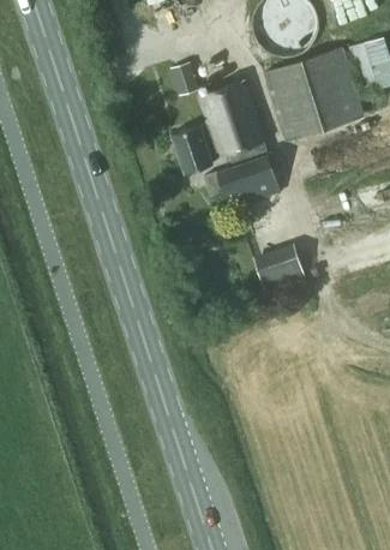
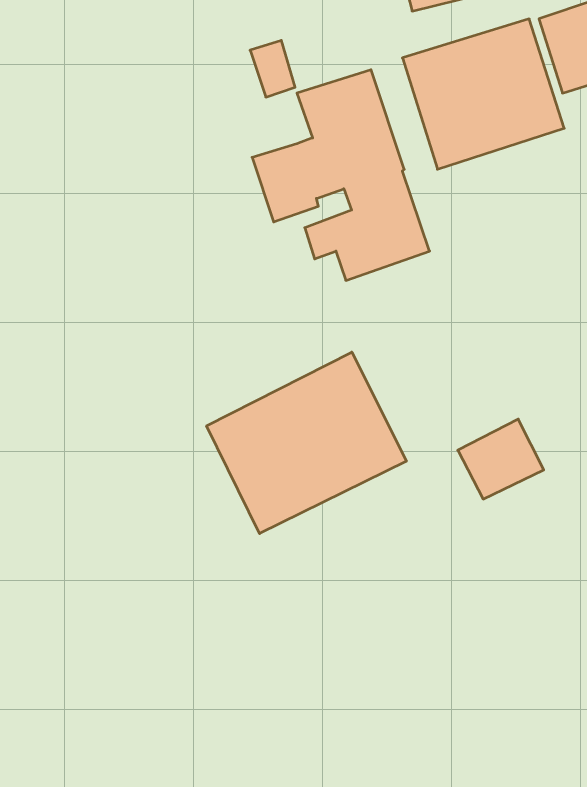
building: [262,239,314,288] -> [458,419,544,499]
building: none -> [207,352,406,534]

